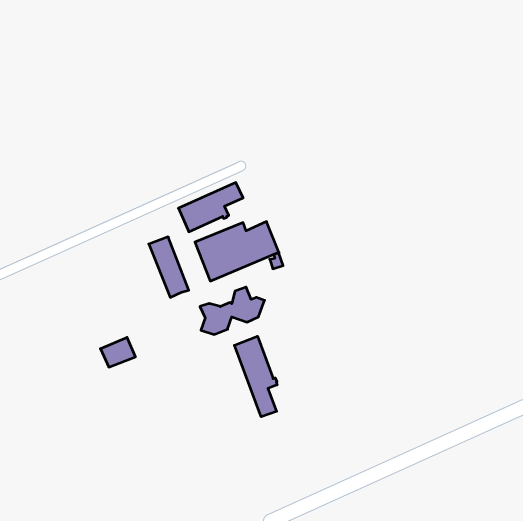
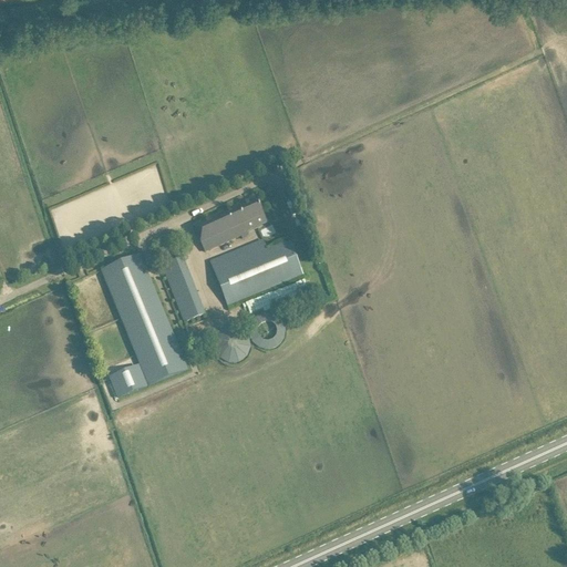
building: none -> [101,252,187,384]
building: [234,336,277,417] -> none

